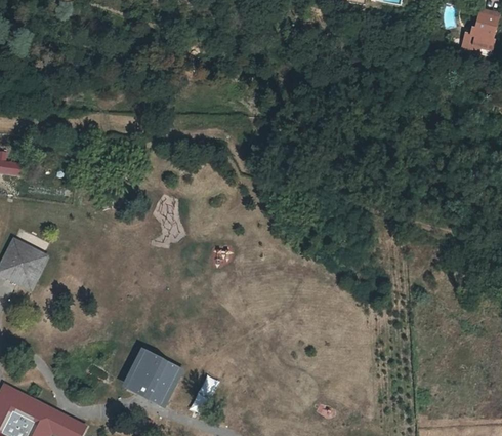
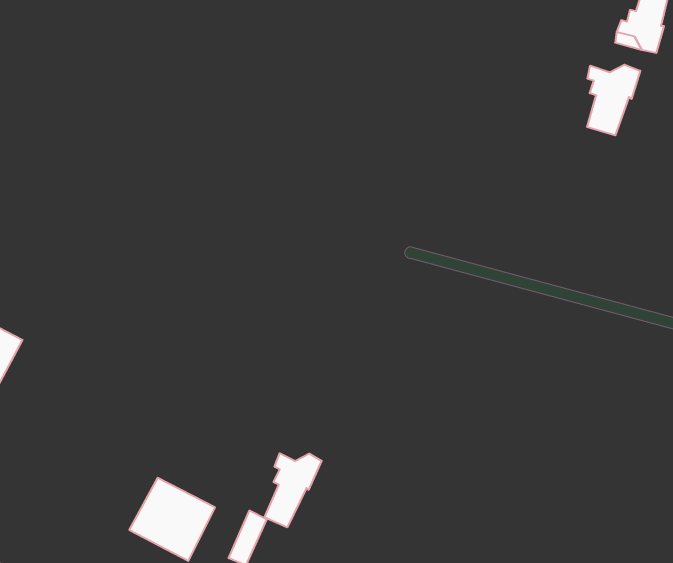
building: none -> [587,65,640,135]
building: none -> [265,453,322,527]

